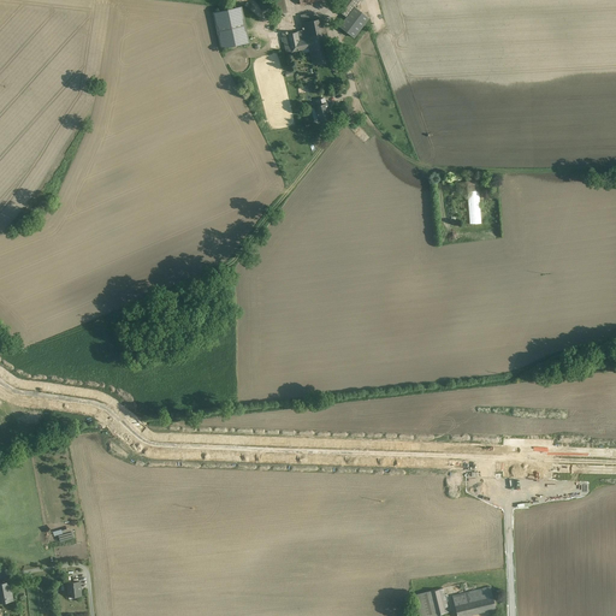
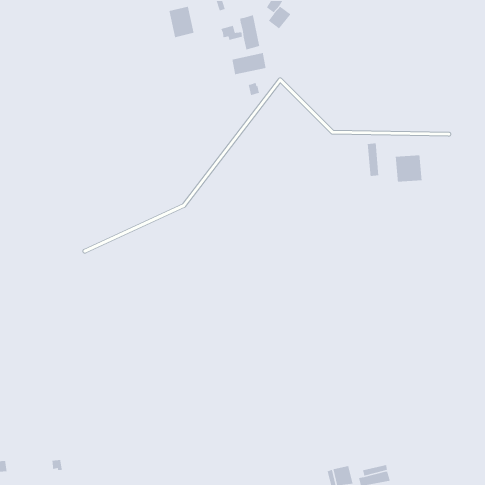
building: none -> [232,52,266,75]
building: none -> [395,155,423,182]

